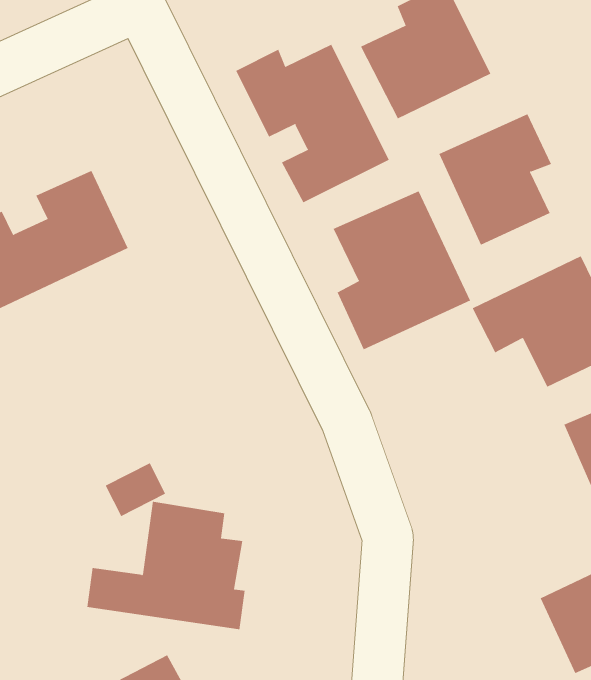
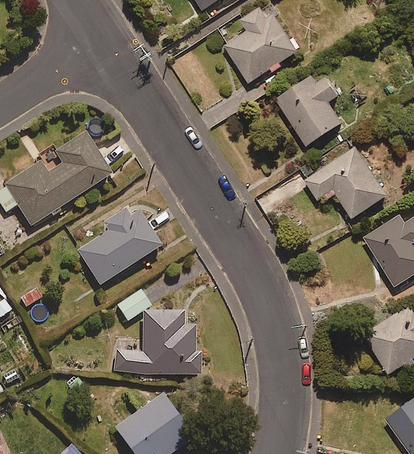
building: [235,44,389,203] -> none
building: [333,191,471,350] -> none
building: none -> [78,201,161,285]

